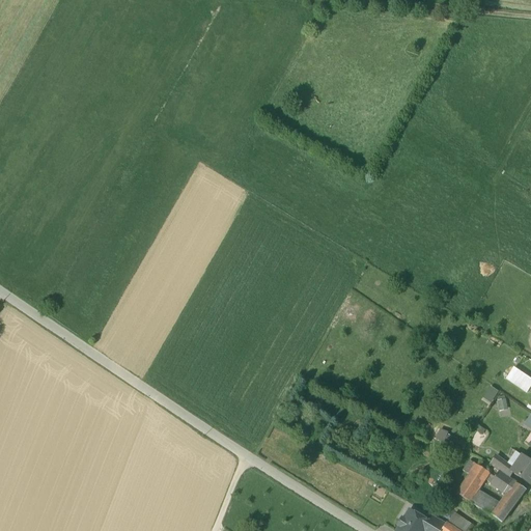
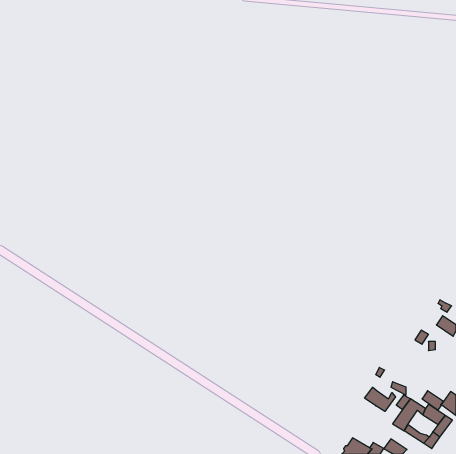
building: none -> [365,387,395,411]

